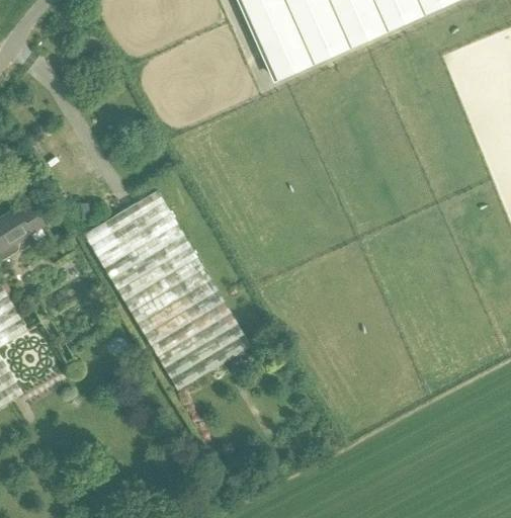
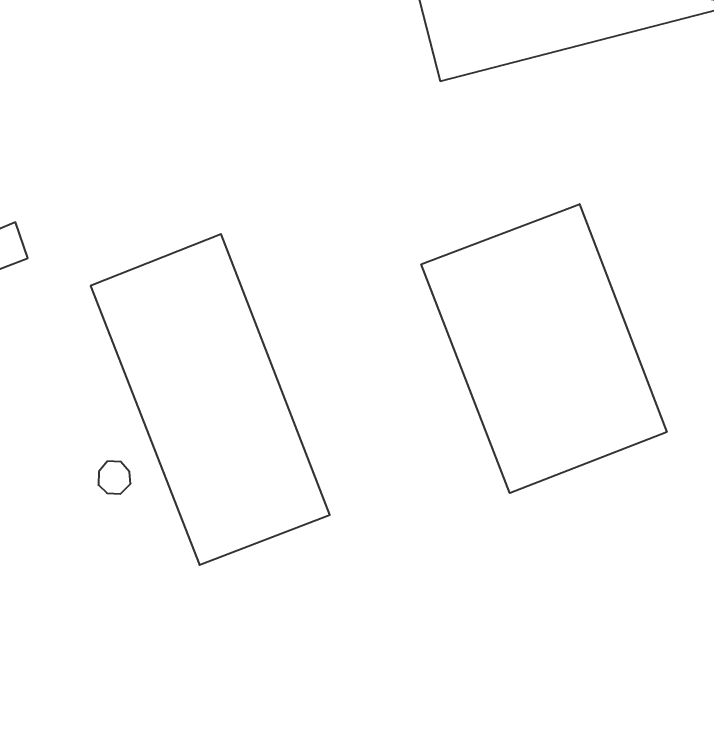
building: none -> [421,204,667,493]

